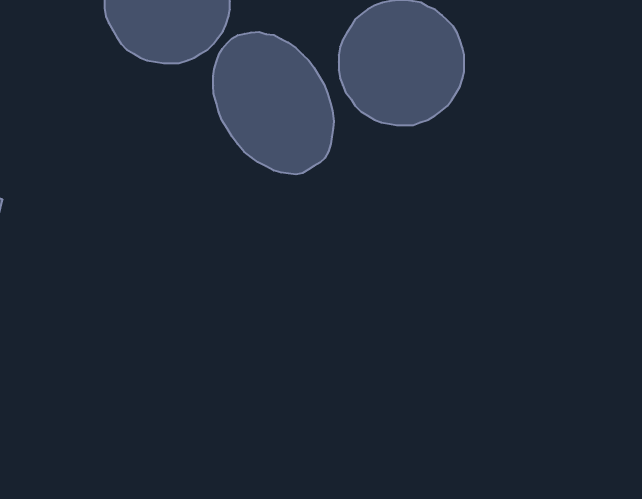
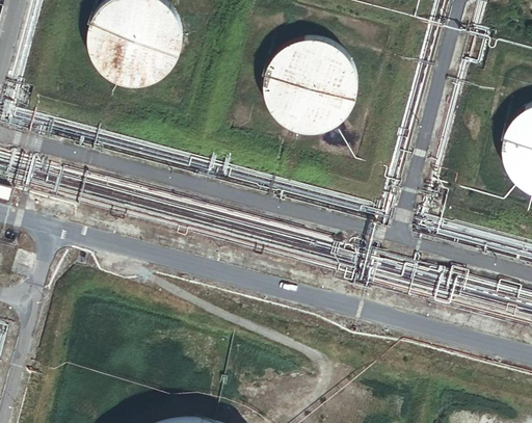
building: [213,32,334,174] -> none

